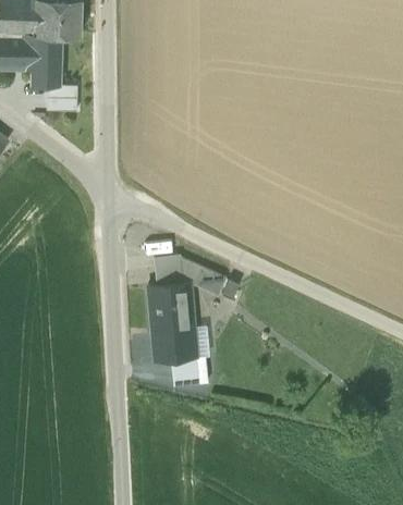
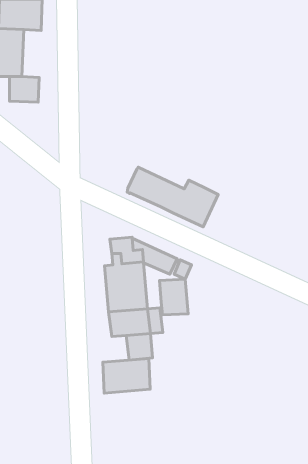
building: none -> [127,167,218,227]
building: none -> [160,279,188,315]
building: none -> [103,358,150,393]

